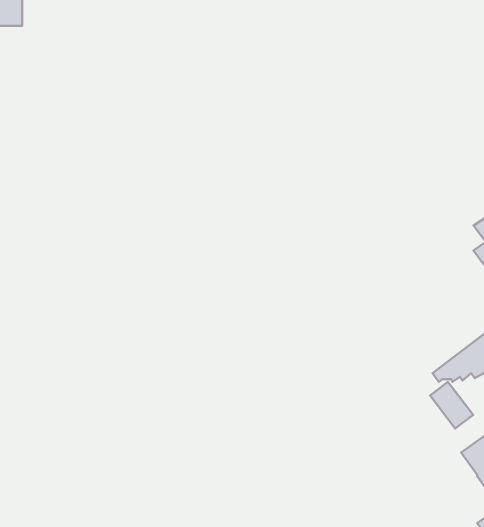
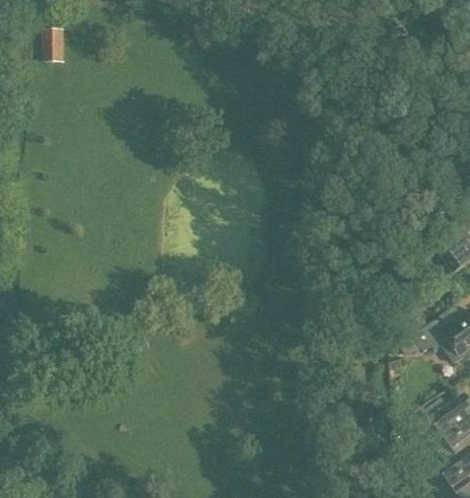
building: [430,382,473,429] -> none

